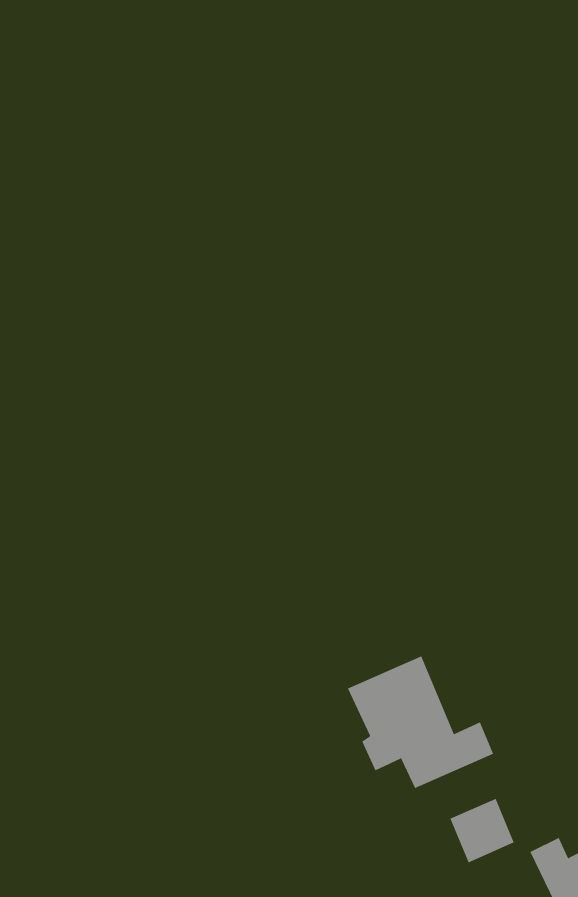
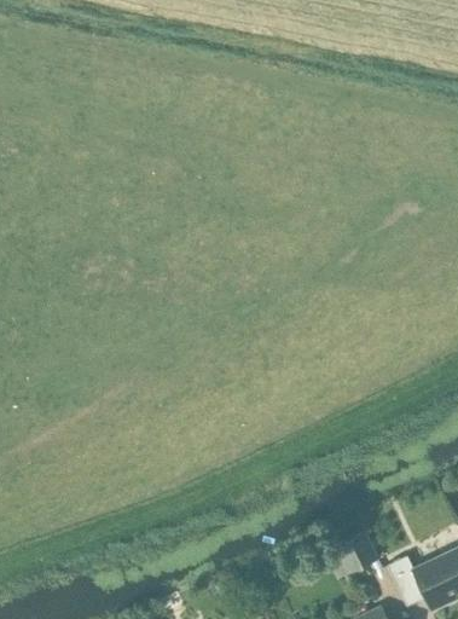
building: [347,656,494,789] -> none

